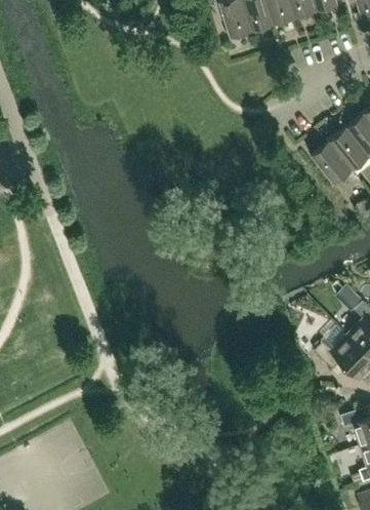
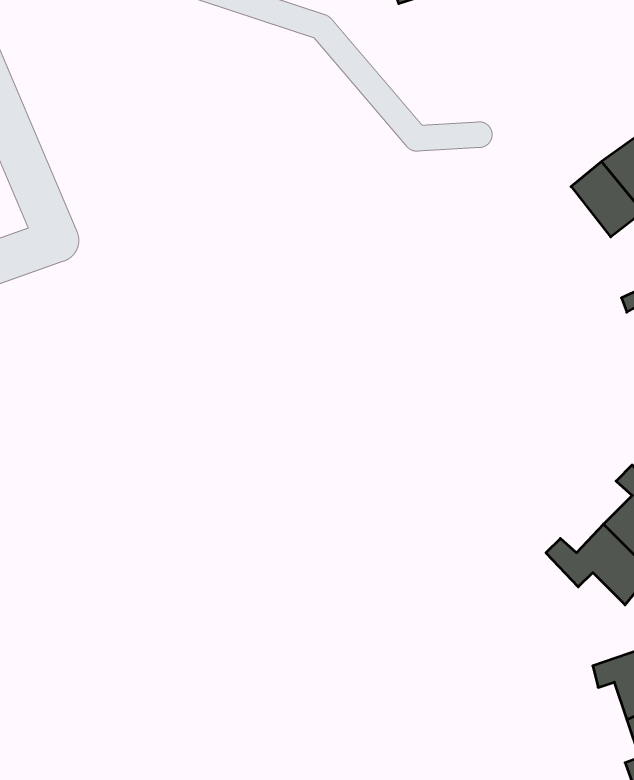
building: [311,141,351,184] -> none

